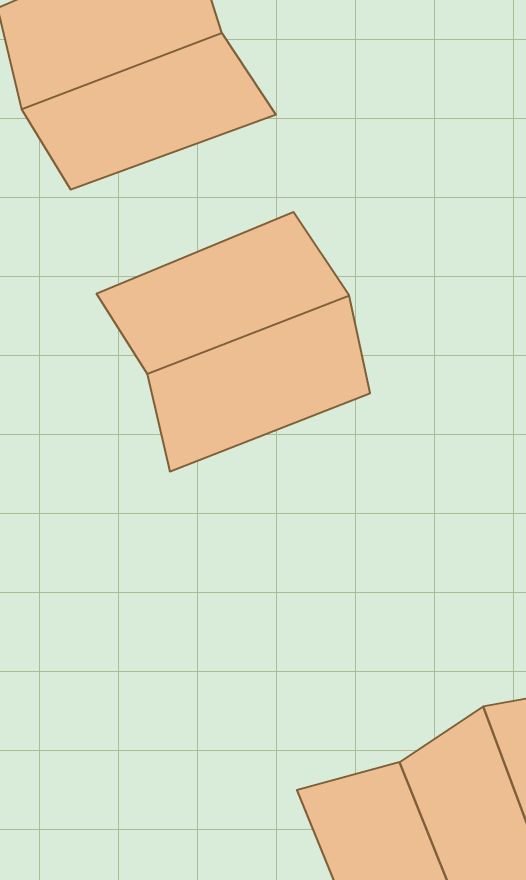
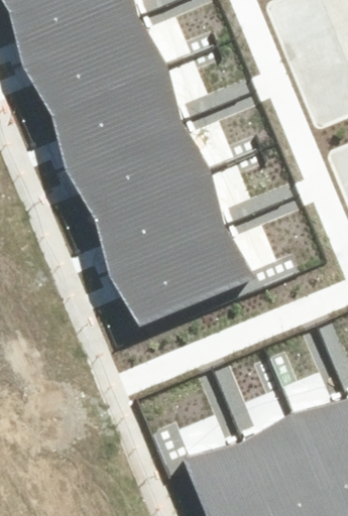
building: none -> [51,70,181,173]
building: none -> [109,231,257,324]

